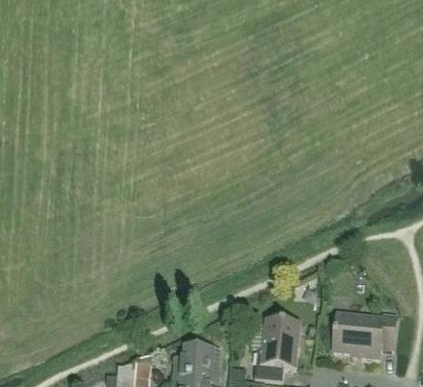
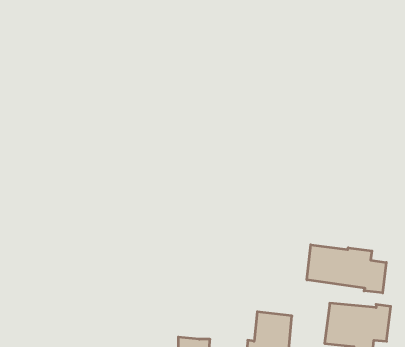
building: none -> [307,245,386,293]

